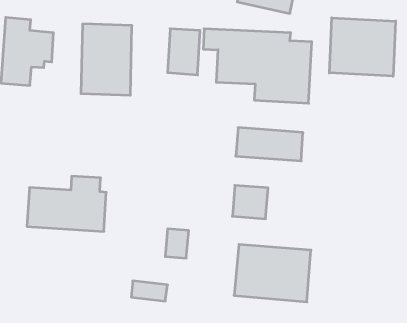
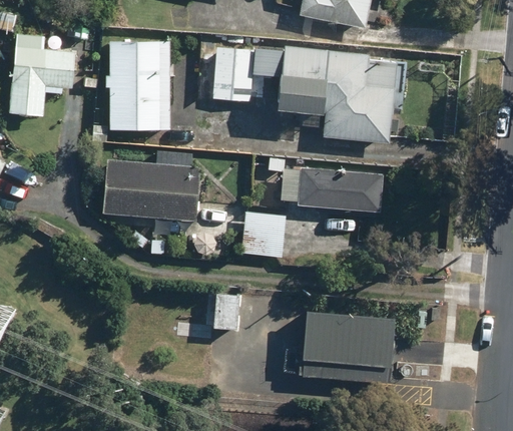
building: [329,18,396,76] -> none
building: [27,176,106,231] -> [103,150,201,219]
building: [232,185,268,219] -> [242,214,287,256]

